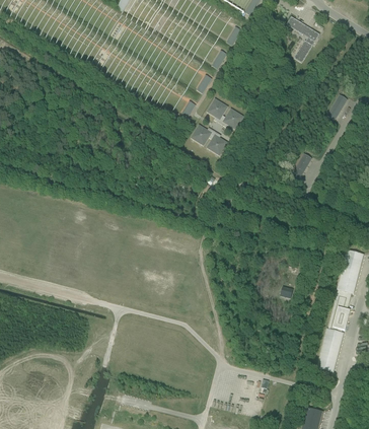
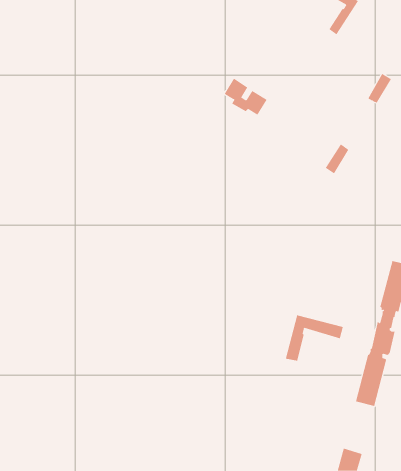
building: [191,124,227,154] -> none
building: none -> [285,315,343,362]

